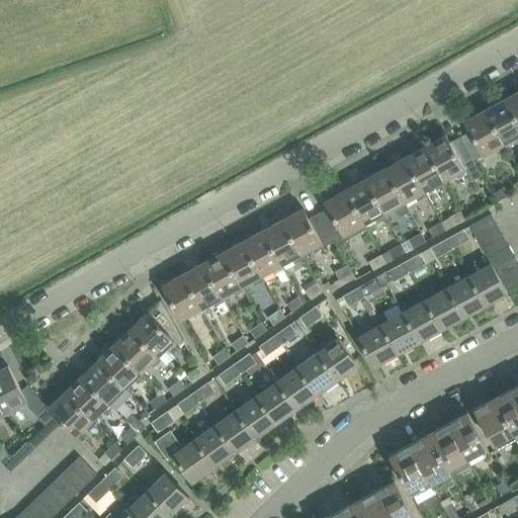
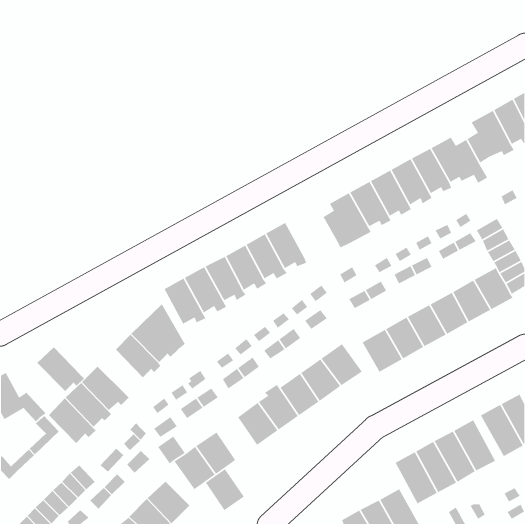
building: [281,209,333,255] -> none
building: [96,345,144,390] -> [36,347,85,392]
building: [213,412,253,454] -> [205,468,245,511]

